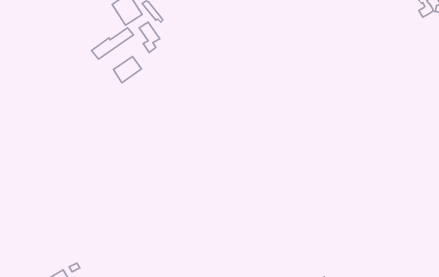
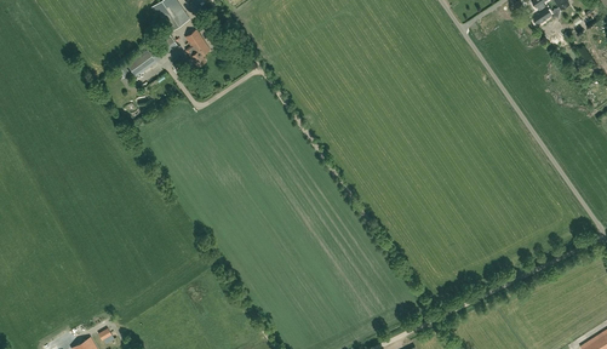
building: [113,56,141,83] -> none

